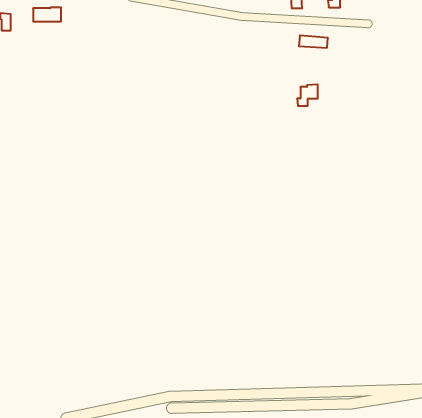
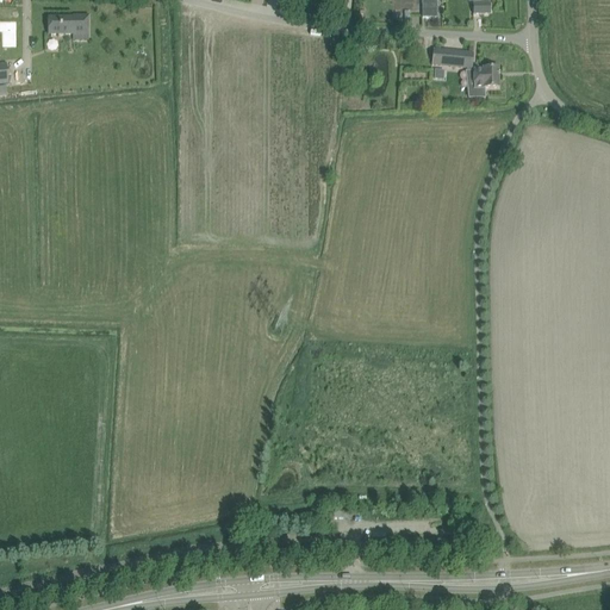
building: [297,84,318,106] -> [468,63,498,94]

